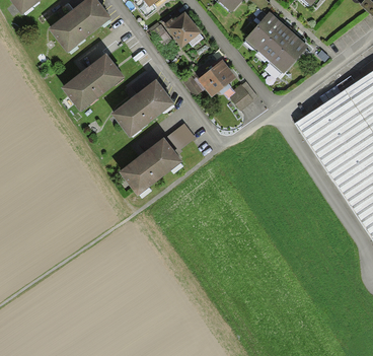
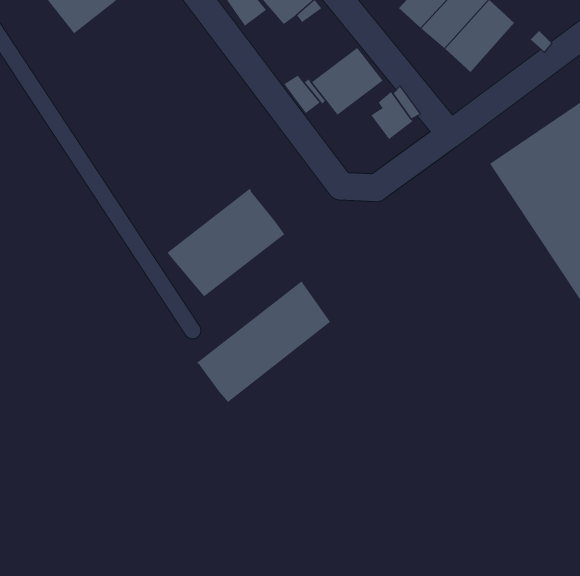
building: [62,52,125,111] -> none
building: [111,78,174,136] -> none
building: [165,123,196,154] -> none
building: none -> [196,280,331,403]

